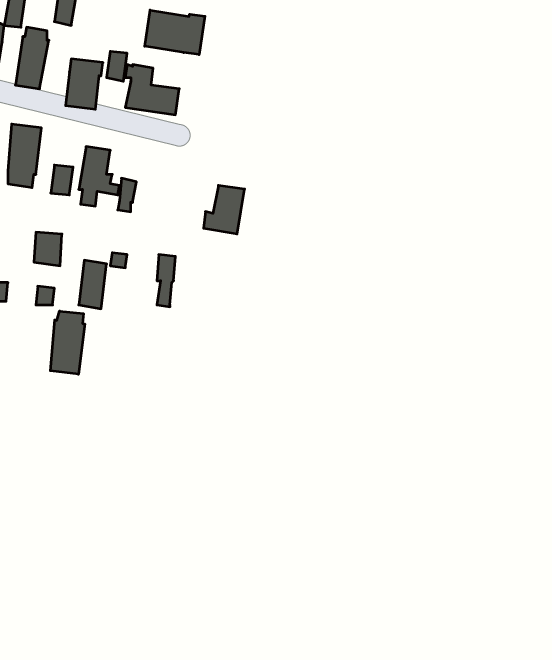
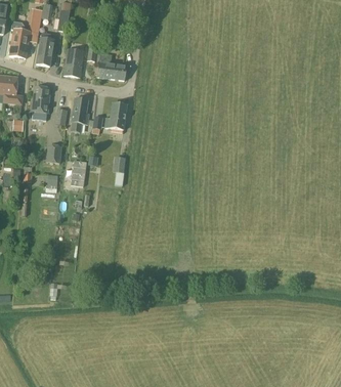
building: [145,10,205,55] -> none
building: [204,185,245,234] -> [104,102,127,129]
building: [50,311,85,374] -> none

